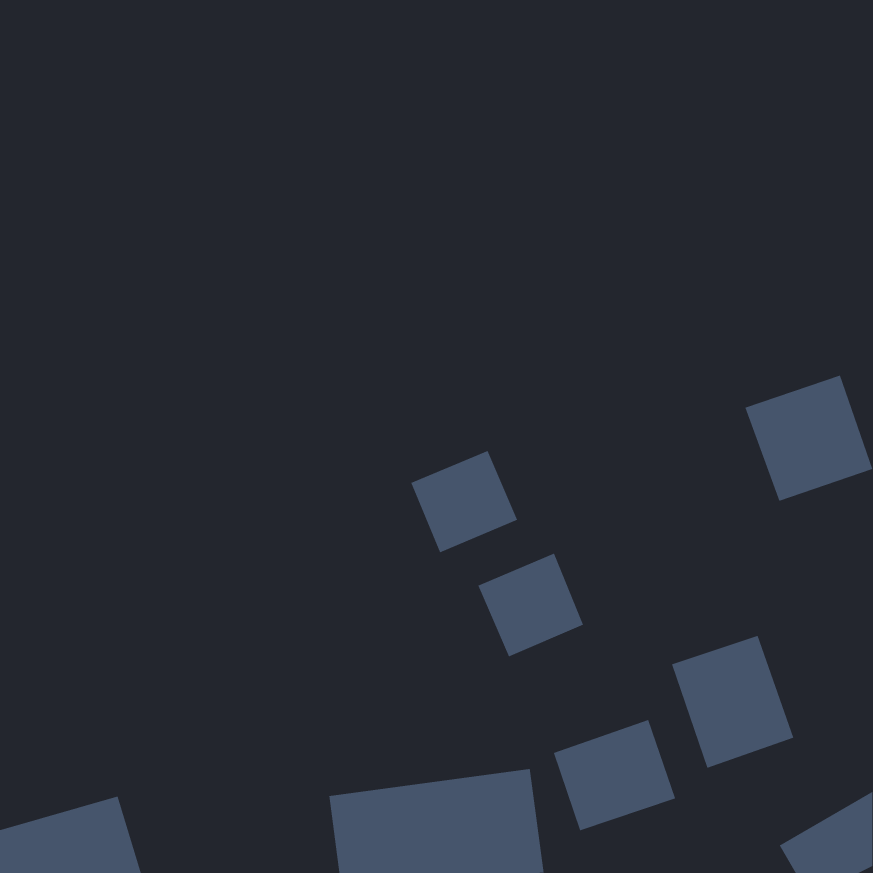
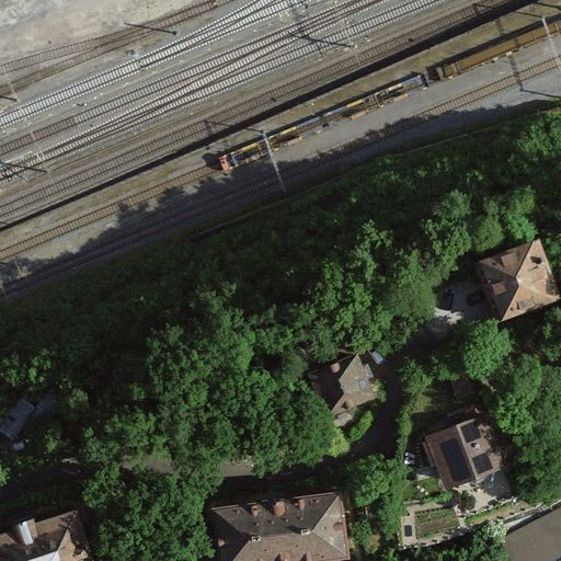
building: [411,450,518,553] -> none
building: [553,719,676,831] -> none

